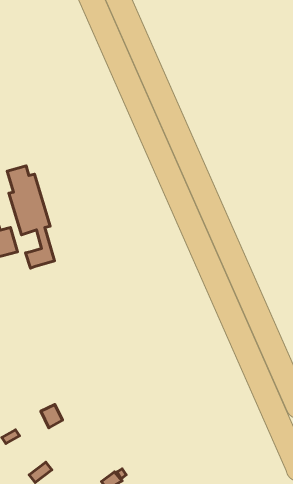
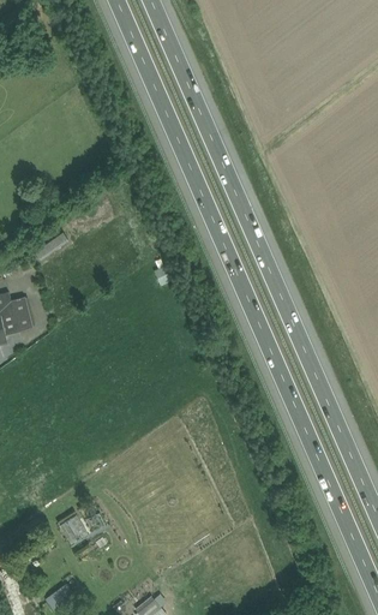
building: [7,166,55,268] -> none

